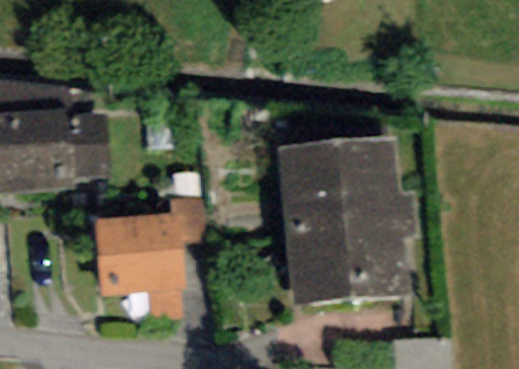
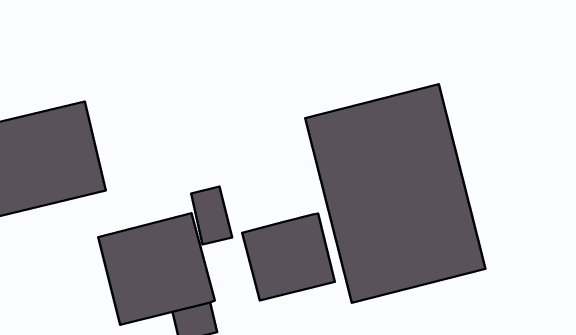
building: none -> [242,214,335,301]

